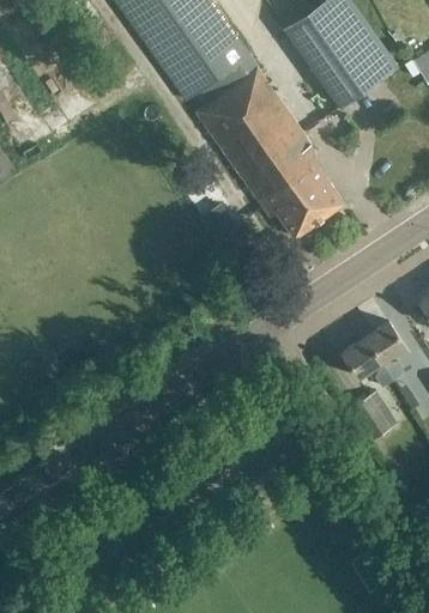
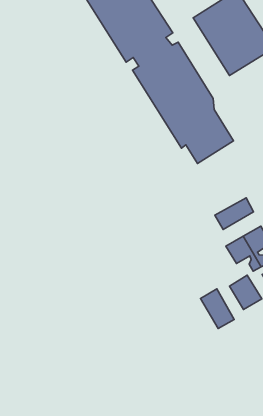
building: none -> [215,198,253,229]
building: none -> [200,289,234,328]

